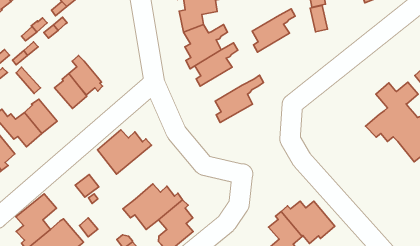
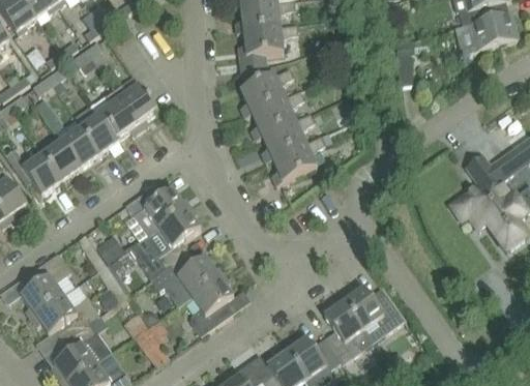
building: [252,9,295,52] -> [262,113,315,161]
building: none -> [113,84,157,127]
building: none -> [61,126,100,167]
building: none -> [129,205,201,278]

